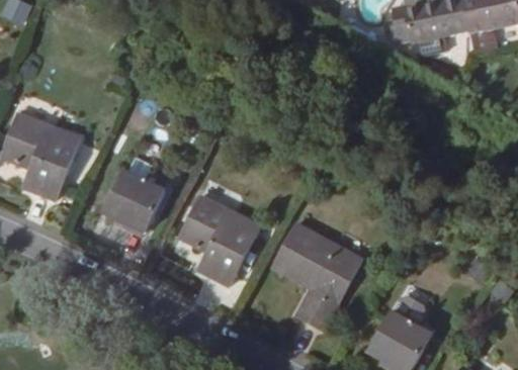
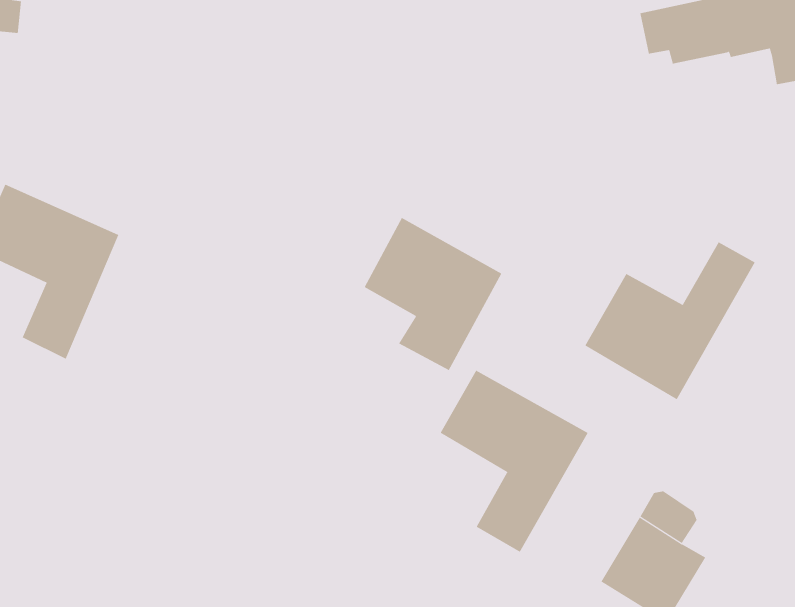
building: none -> [585,241,756,400]
building: [105,168,166,229] -> none
building: [178,195,260,286] -> [364,217,502,371]

